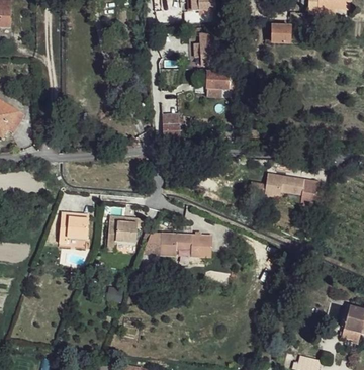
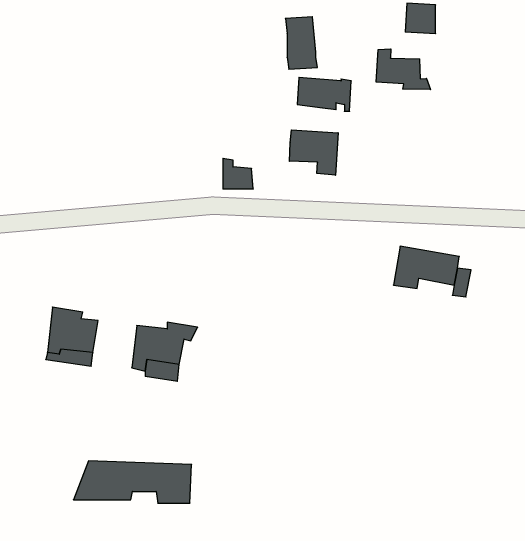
building: none -> [376,49,430,90]
building: none -> [289,130,338,175]
building: [144,233,214,258] -> [73,461,192,503]

